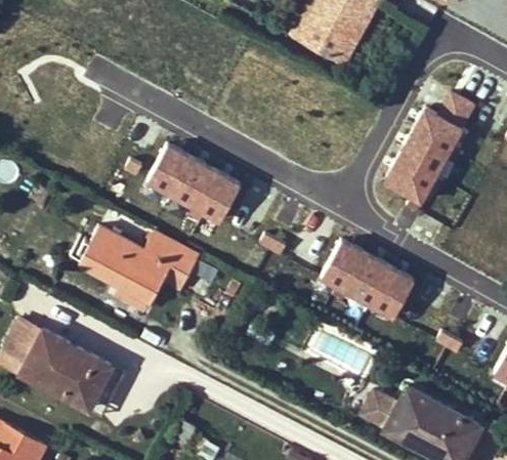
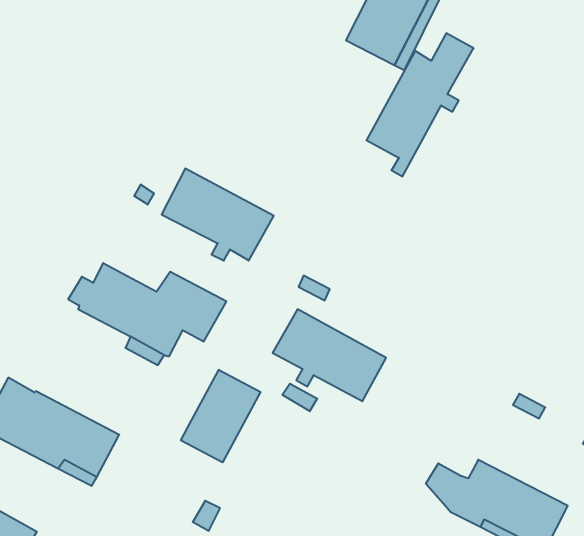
building: [385,94,473,212] -> [366,33,474,176]
building: [321,242,414,318] -> [273,309,386,401]
building: none -> [181,370,260,462]

